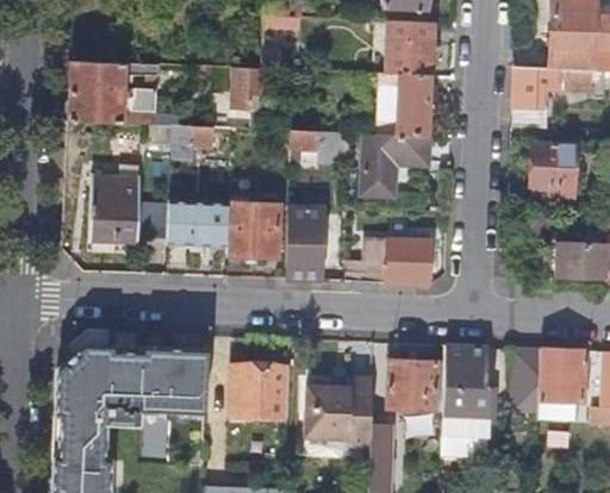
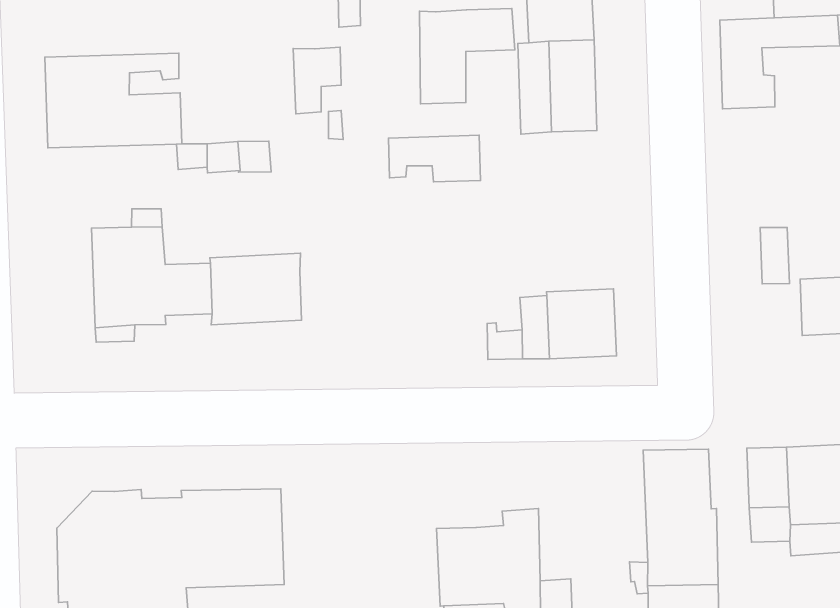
building: [366,132,430,194] -> [419,8,515,104]
building: [533,142,577,196] -> none
building: [228,195,281,262] -> none
building: [291,196,328,280] -> none
building: [387,363,437,412] -> none
building: [231,369,288,420] -> none

